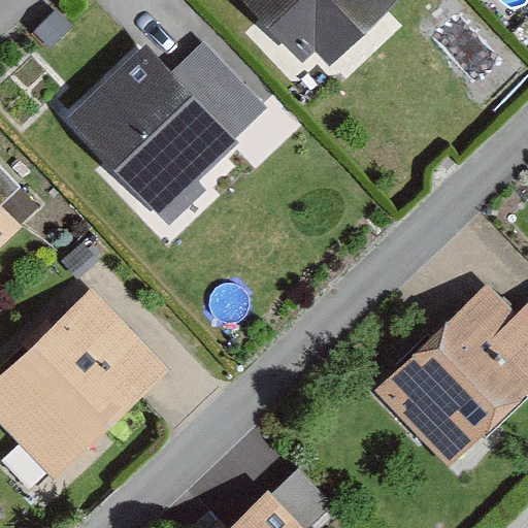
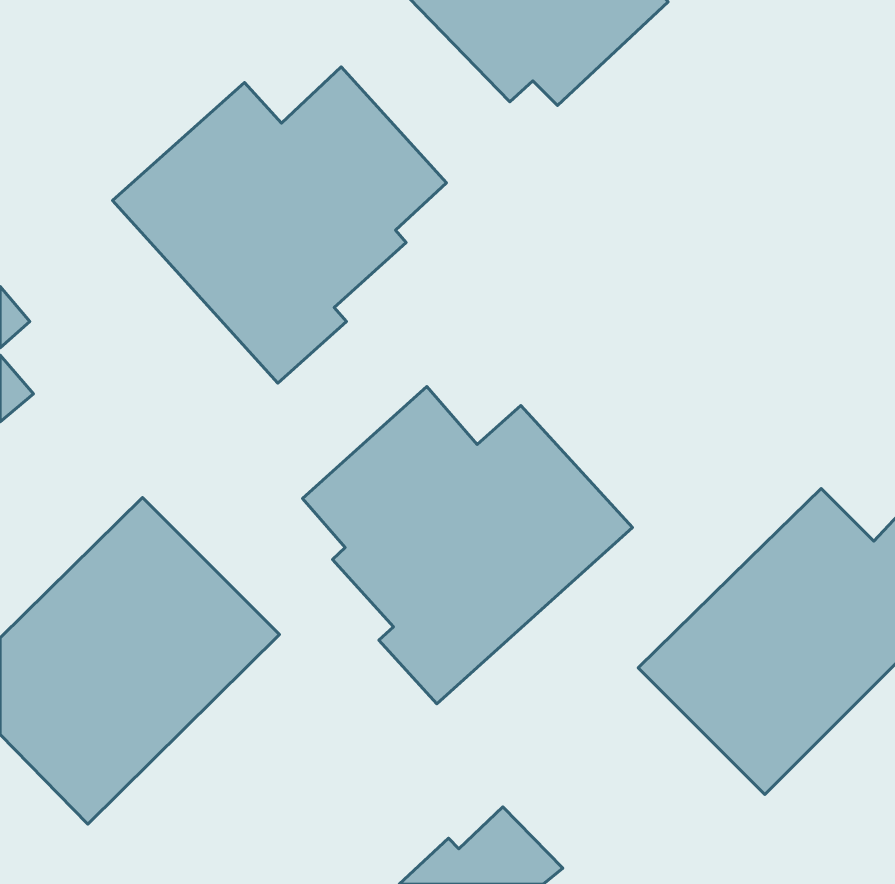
building: none -> [302,387,632,704]

